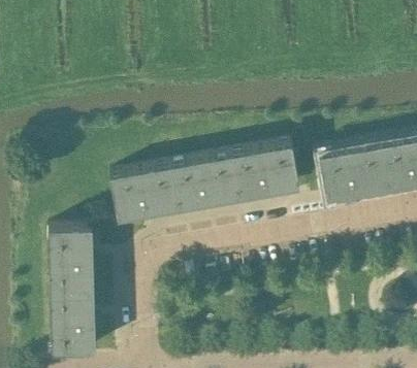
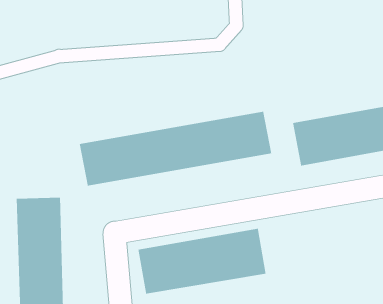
building: none -> [137,228,267,294]

